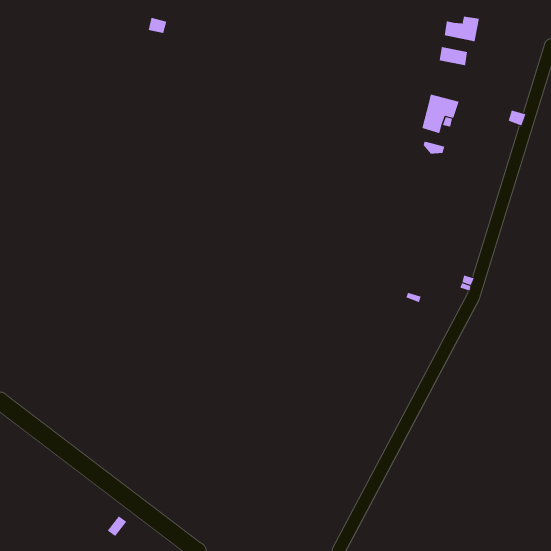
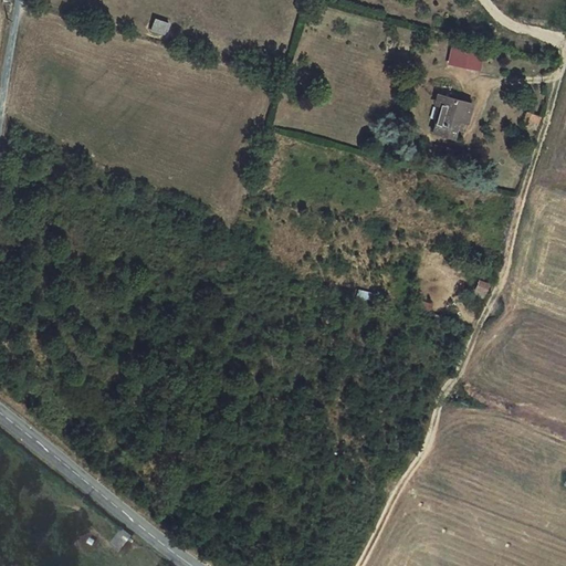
building: [444,16,480,42] -> none

